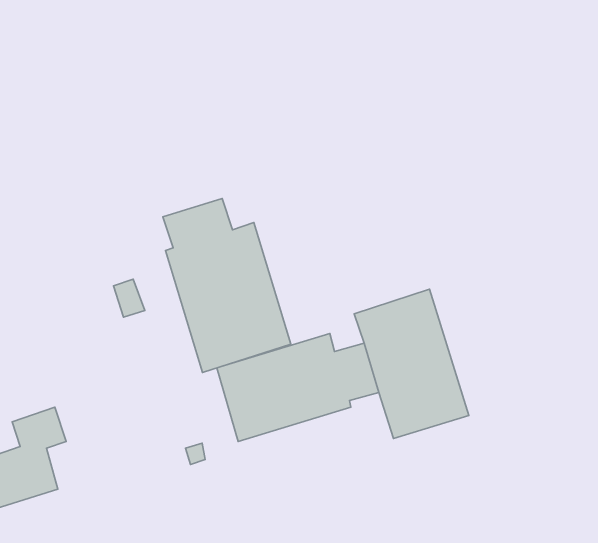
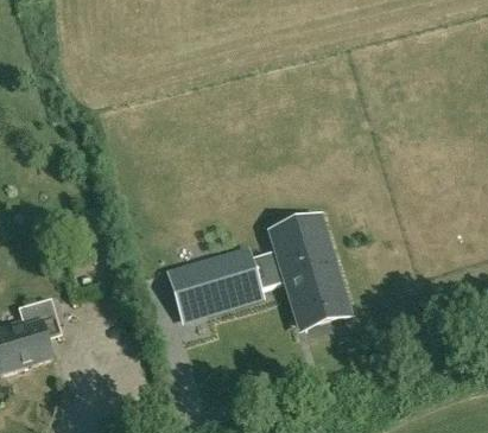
building: [163,198,291,372] -> none

